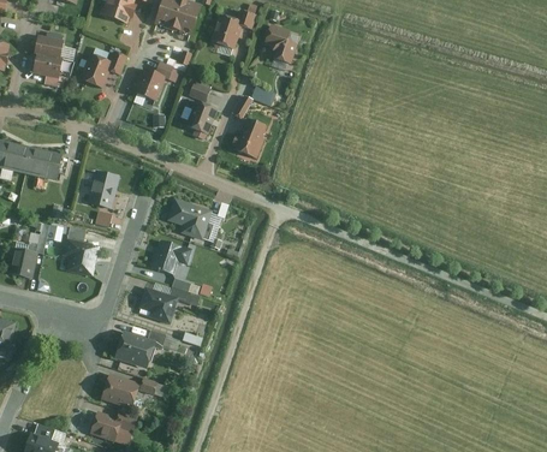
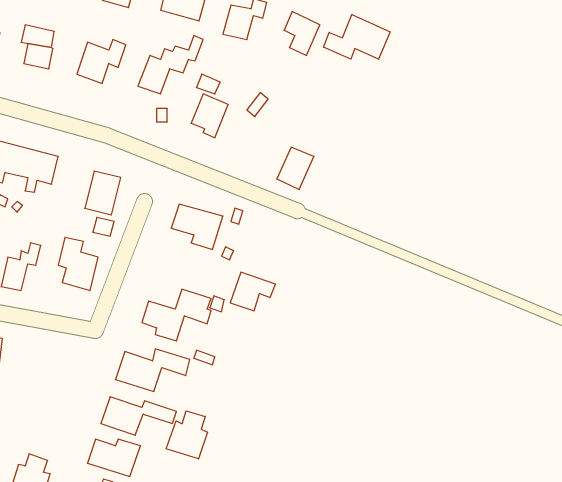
building: none -> [324,14,390,59]
building: [232,119,266,157] -> [277,147,314,190]
building: [149,239,190,274] -> [230,272,275,311]
building: none -> [166,411,207,459]

